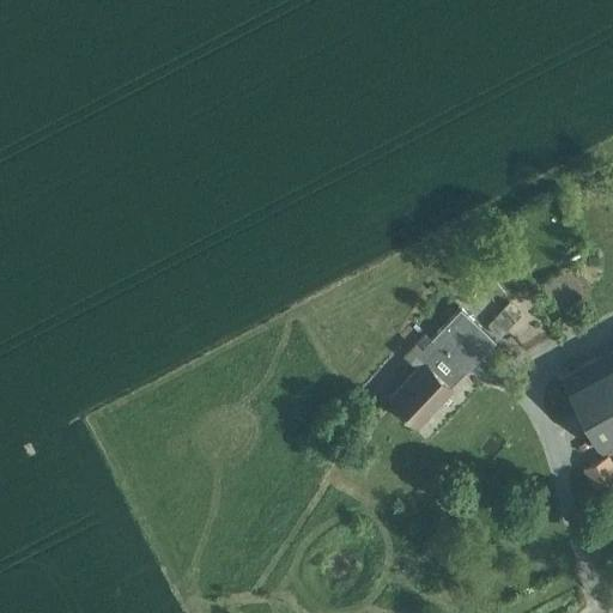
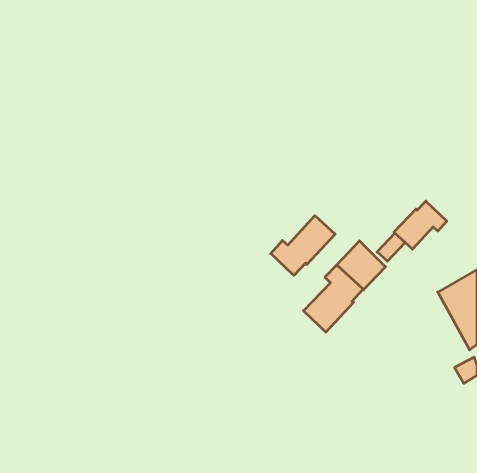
building: none -> [394,201,447,249]
building: none -> [271,216,335,275]

